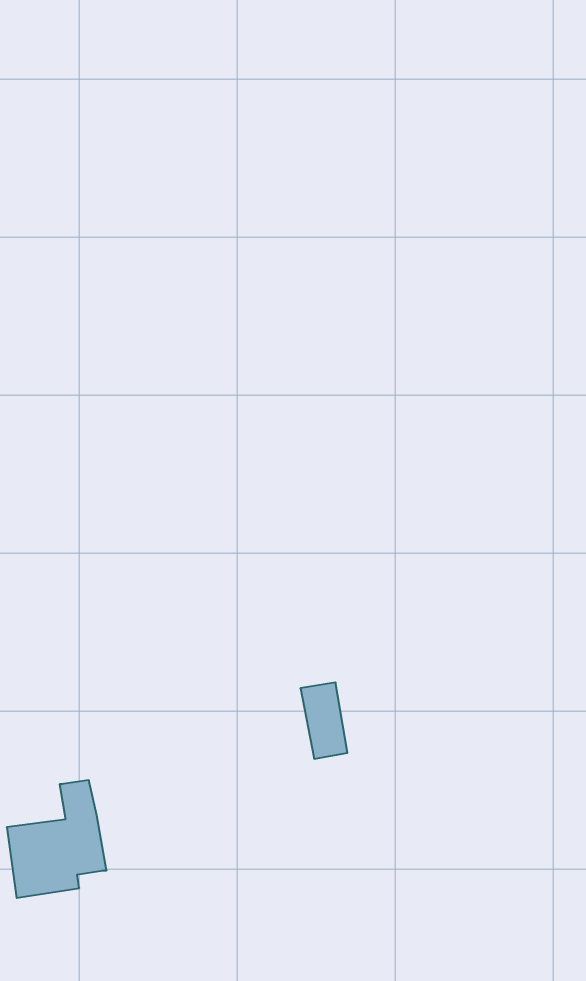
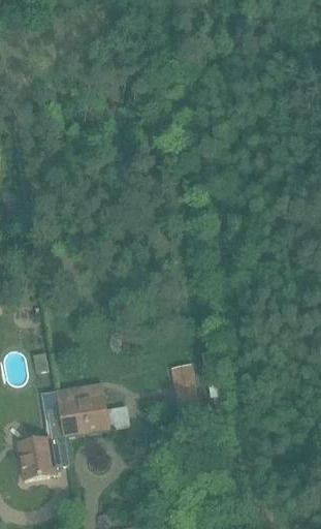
building: none -> [57,394,117,434]

